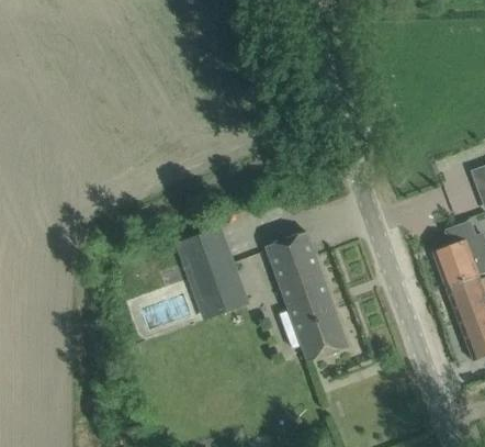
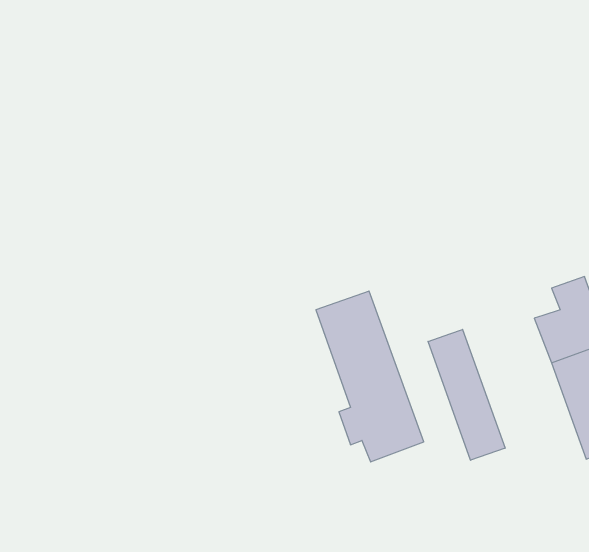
building: [179,230,241,304] -> none
building: none -> [428,329,505,460]

